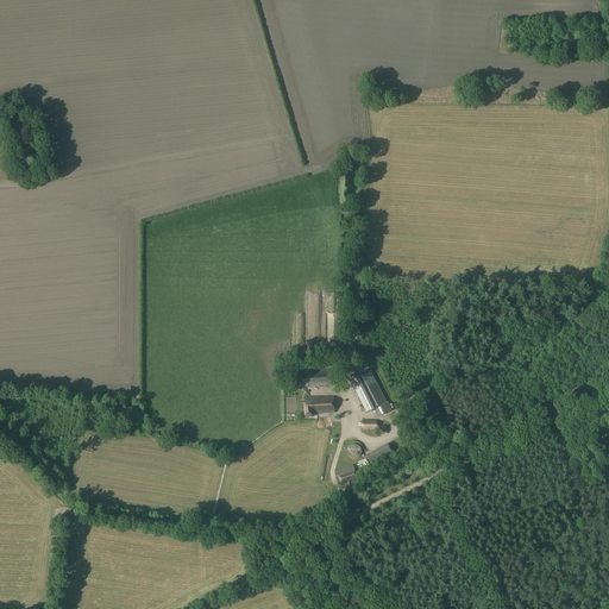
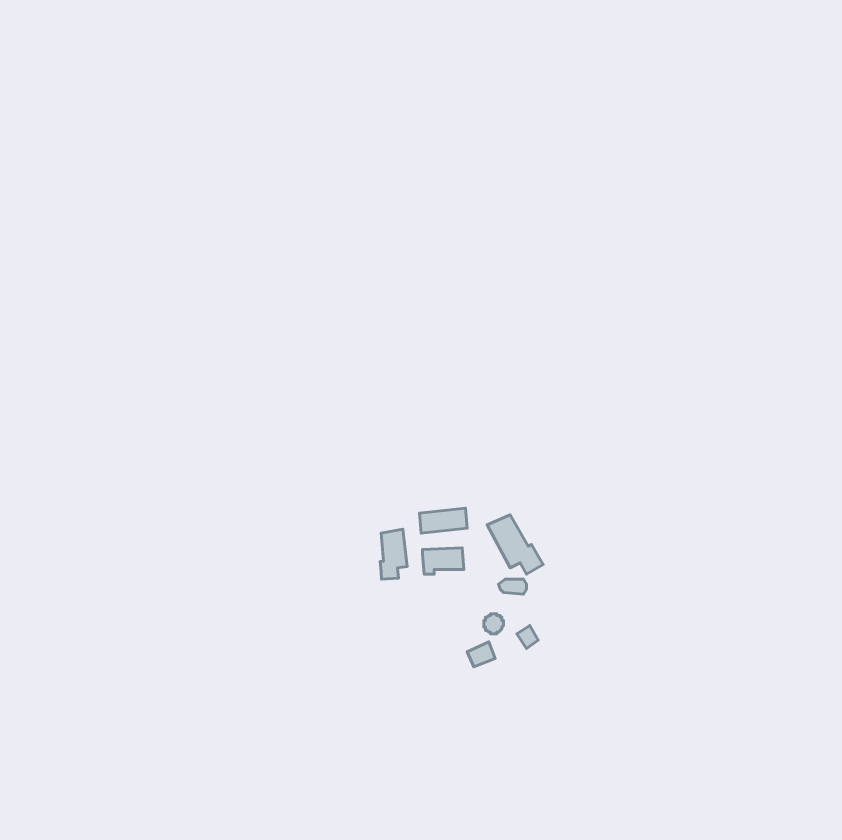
building: none -> [380,529,407,579]

